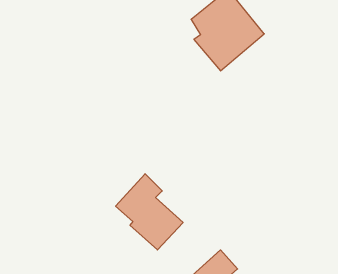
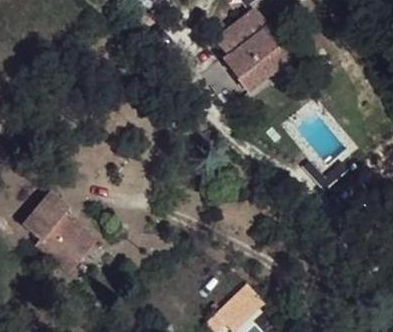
building: [116,174,183,250] -> [25,192,96,272]

